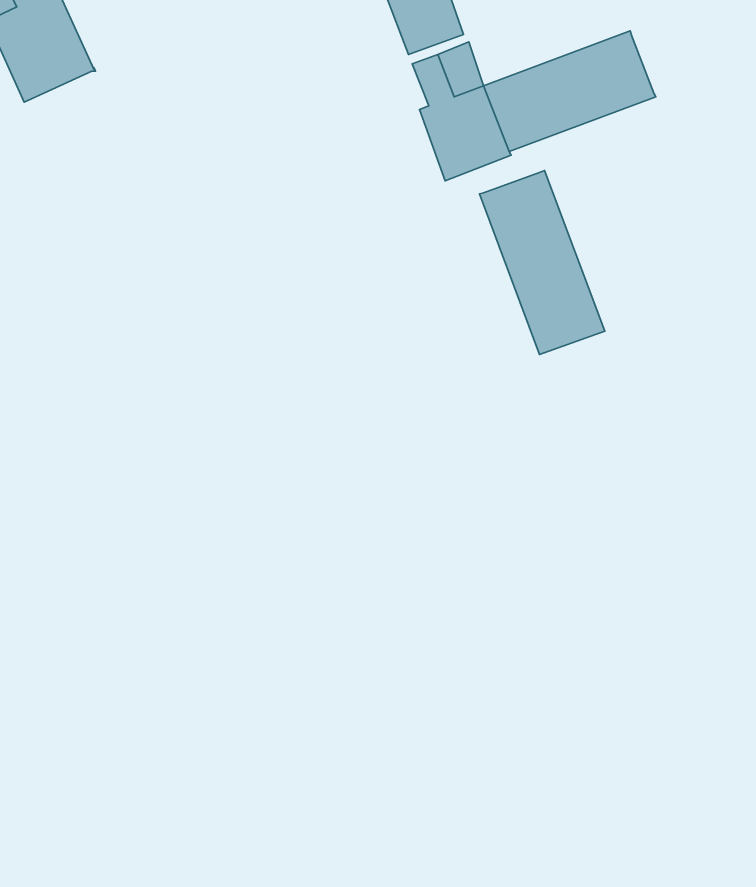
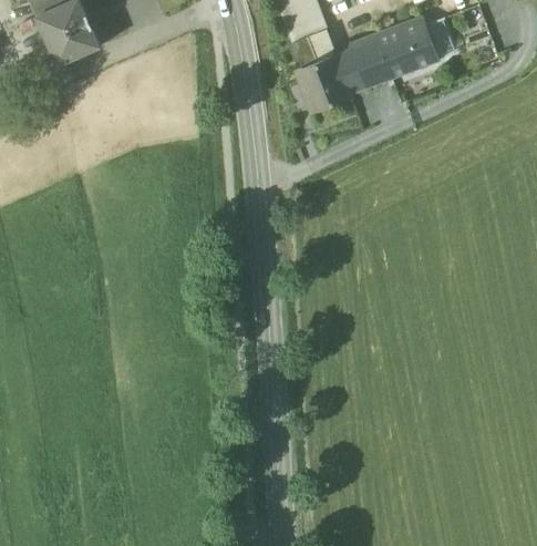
building: none -> [424,16,455,56]
building: [479,170,605,355] -> none

